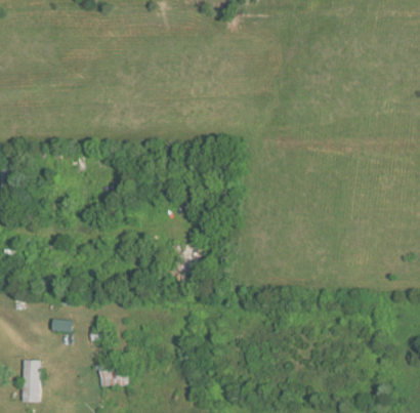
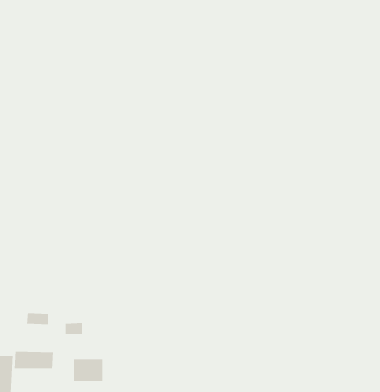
building: none -> [14,351,54,369]

